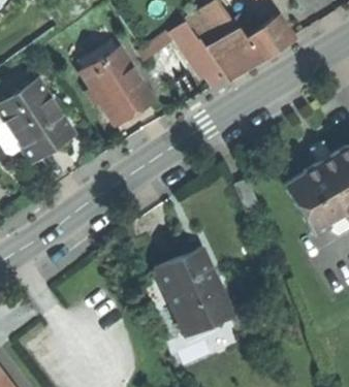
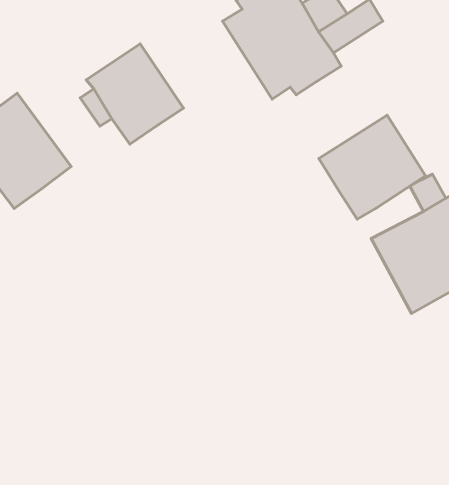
building: none -> [319,115,426,219]
building: [157,251,234,338] -> none

